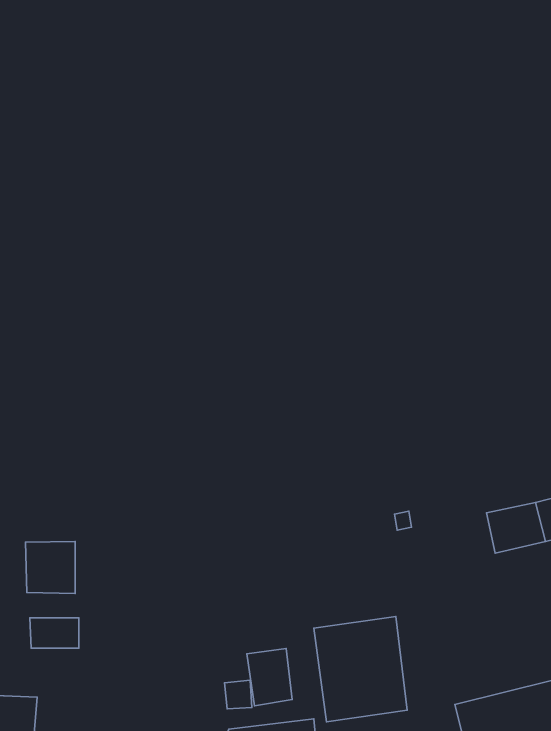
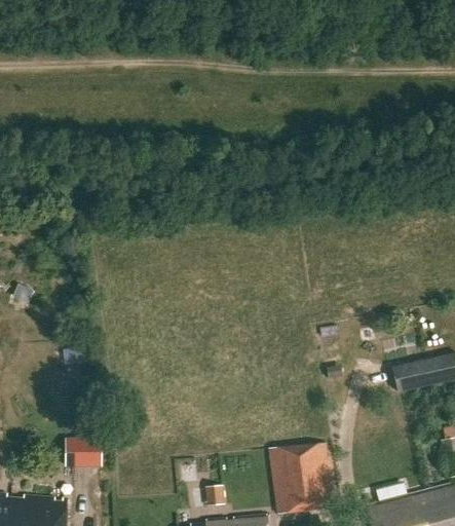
building: [26,542,75,594] -> none
building: [247,648,292,706] -> none

